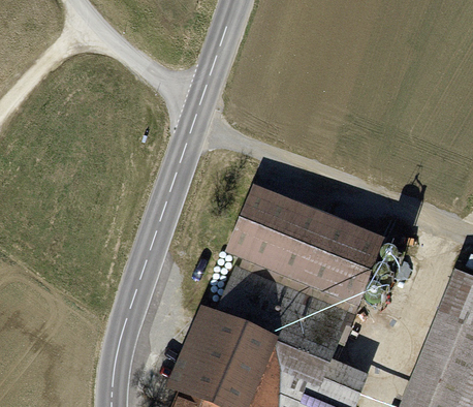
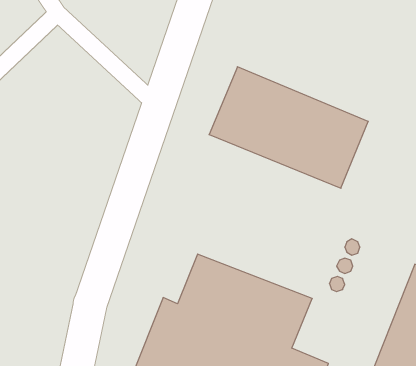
building: [225,184,387,308] -> [209,67,368,188]

